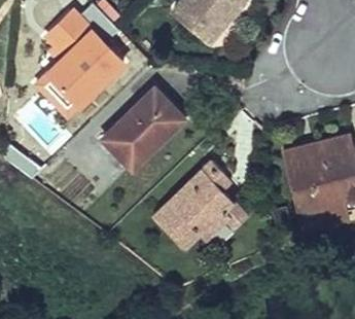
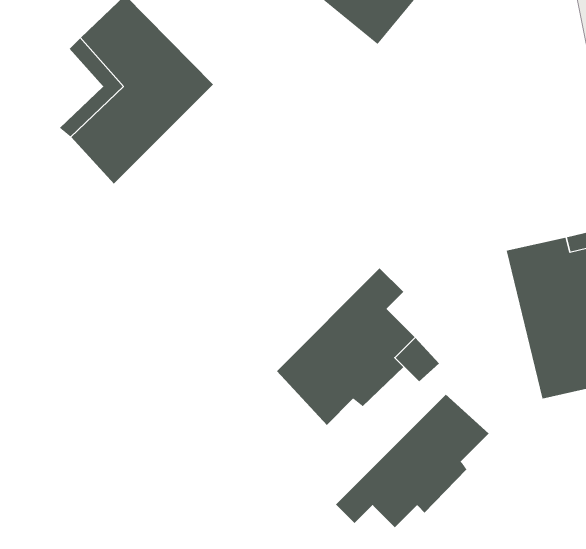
building: [104,86,182,167] -> none
building: none -> [335,394,490,528]

